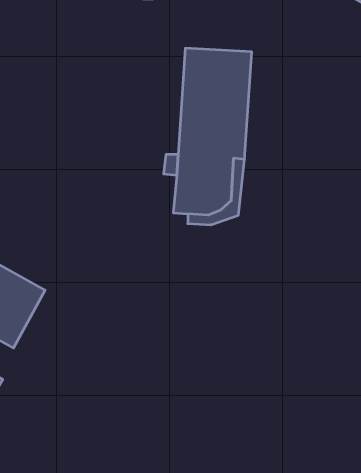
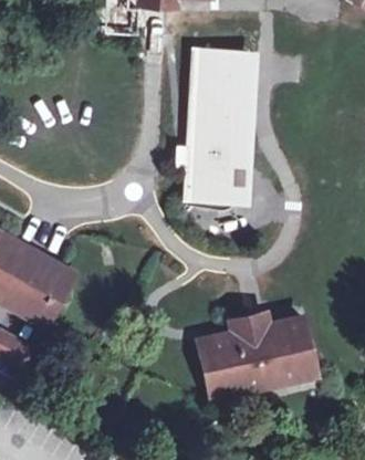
building: none -> [200,314,314,397]

